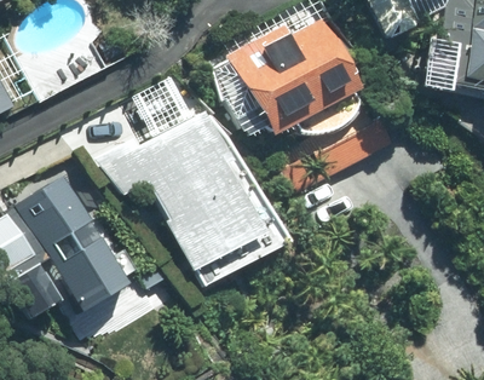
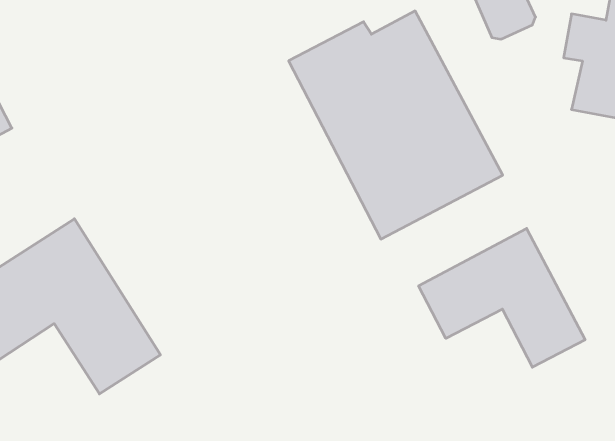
building: [96,109,263,267] -> none
building: none -> [419,228,585,367]

